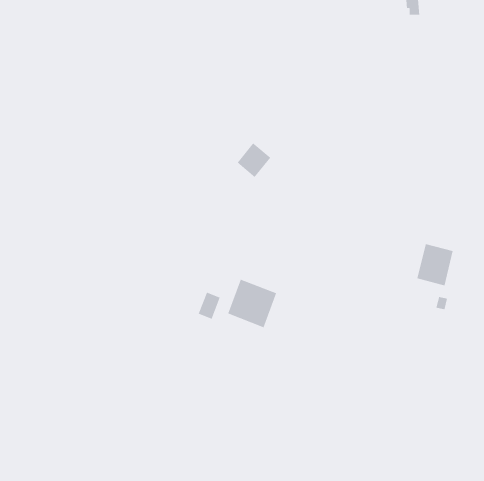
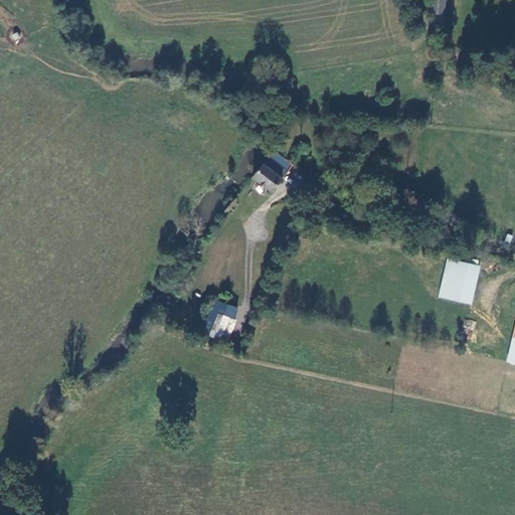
building: [227,279,277,328] -> none

